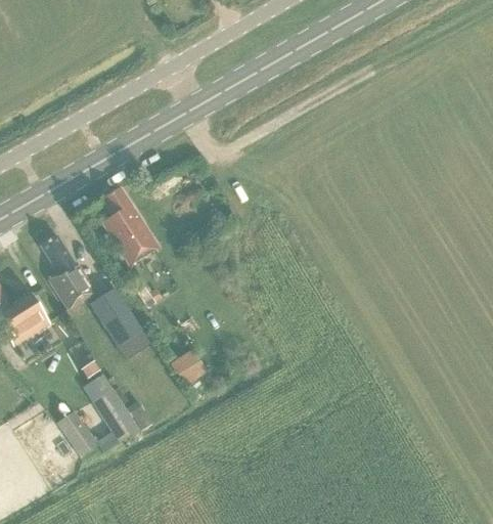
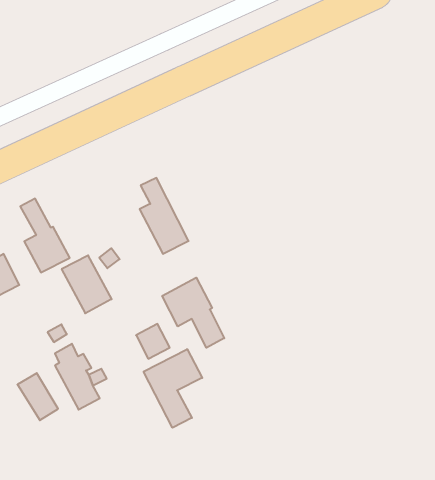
building: [104,188,158,264] -> [140,178,189,254]
building: none -> [162,278,224,348]
building: none -> [144,349,202,428]

